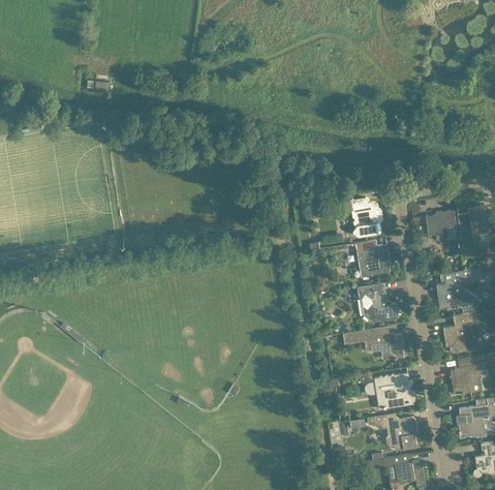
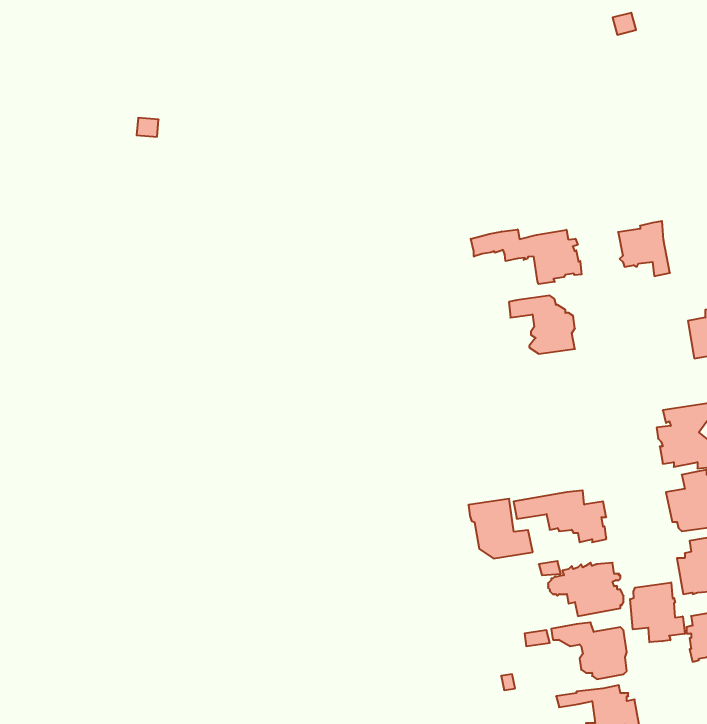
building: none -> [471,229,582,284]
building: [425,209,459,245] -> [618,221,670,276]
building: [355,240,390,277] -> none
building: [357,282,399,321] -> [468,499,533,558]
building: none -> [630,582,685,642]

